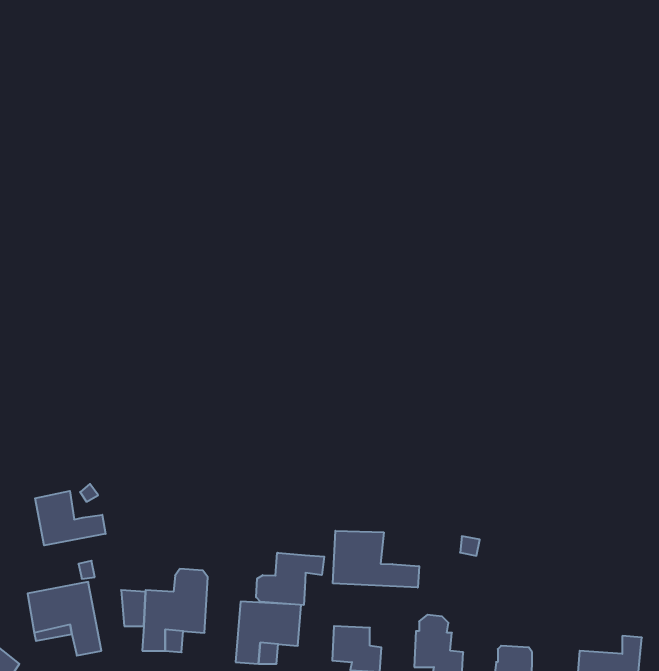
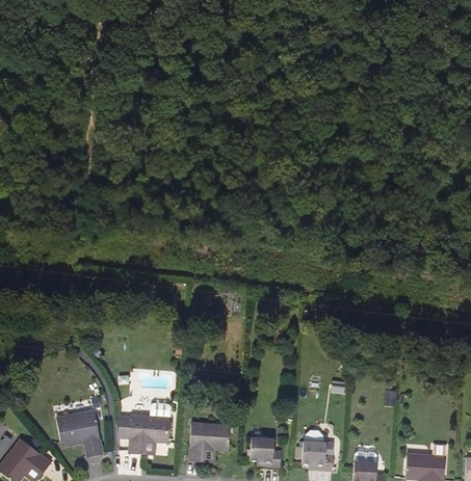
building: [35,491,106,545] -> none
building: [333,531,419,588] -> none
building: [256,553,324,605] -> none

